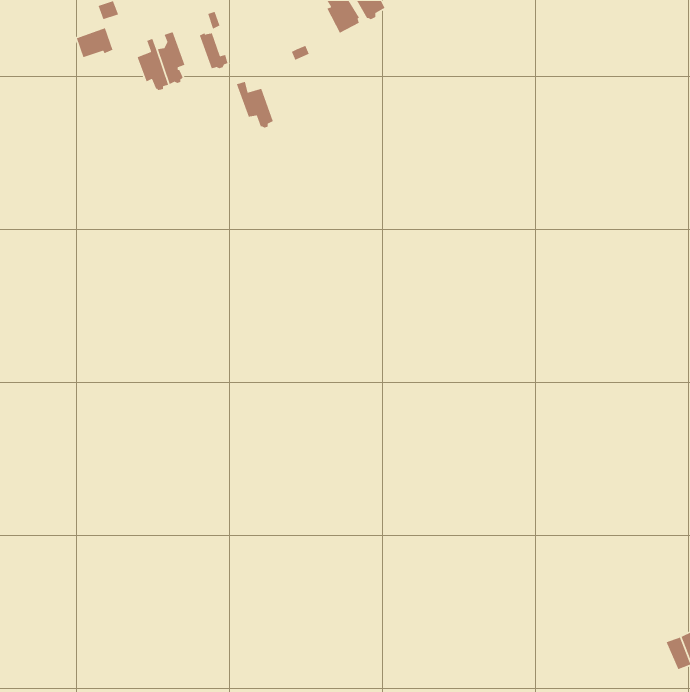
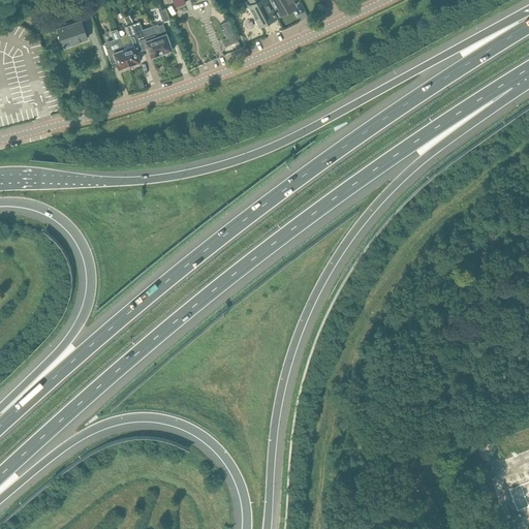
building: [236,81,274,128] -> [133,22,162,58]

